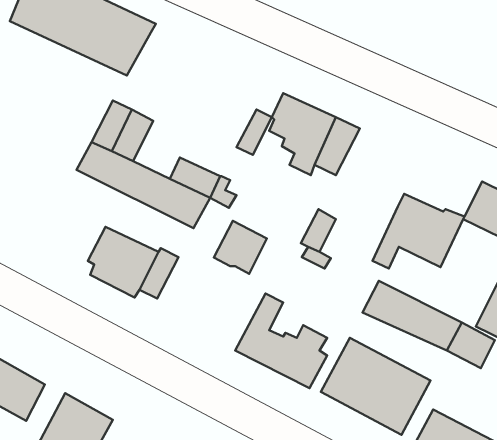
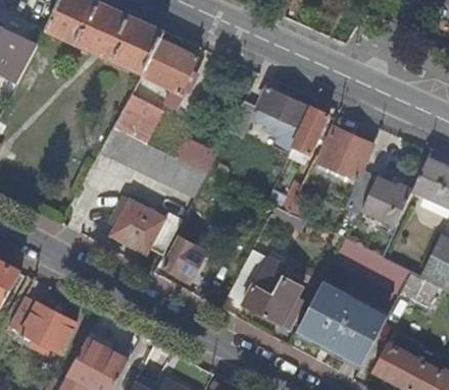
building: none -> [139,39,198,107]
building: none -> [318,127,373,179]
building: [214,221,267,274] -> [162,237,205,280]

